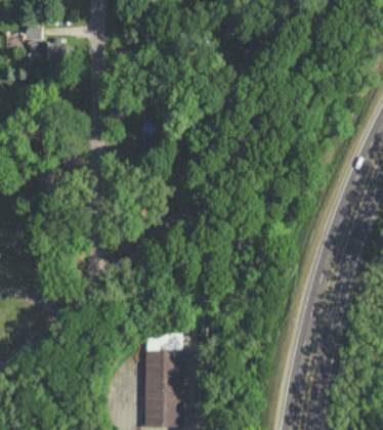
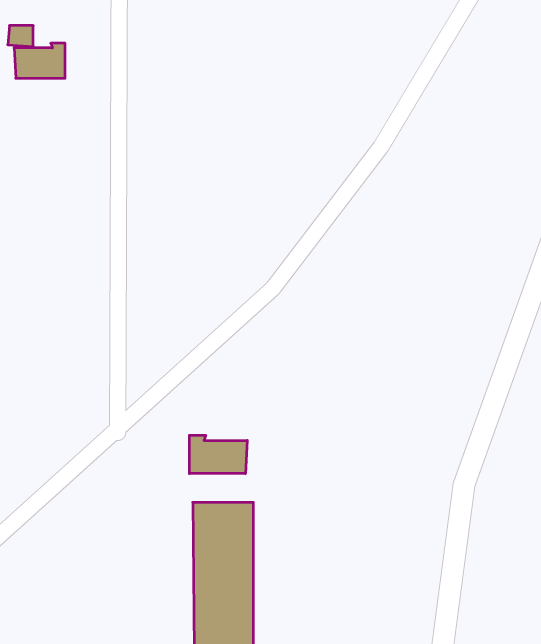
building: none -> [189,435,247,474]

